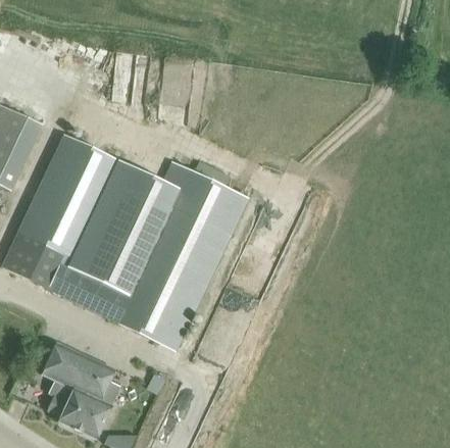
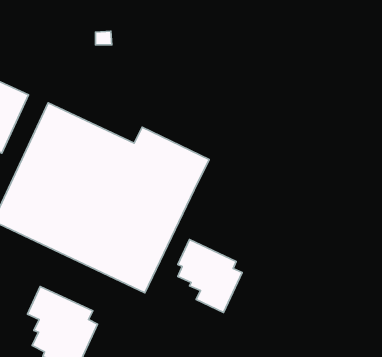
building: none -> [178,239,242,312]

